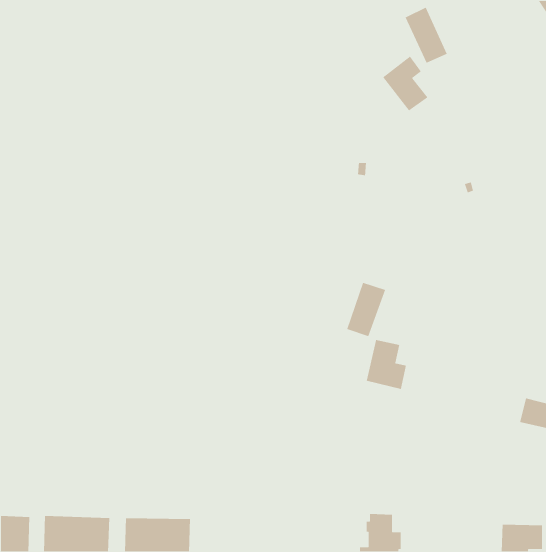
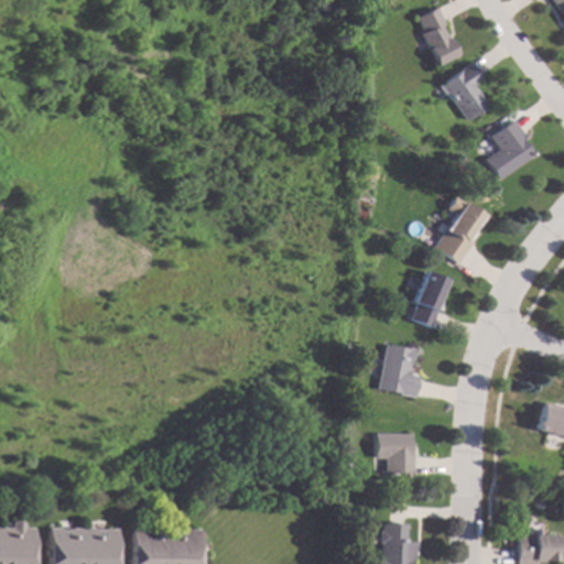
building: [382,55,428,112] -> [444,63,491,120]
building: none -> [487,121,536,180]
building: none -> [435,196,484,261]
building: [346,282,386,337] -> [408,272,448,328]
building: none -> [375,433,414,476]

